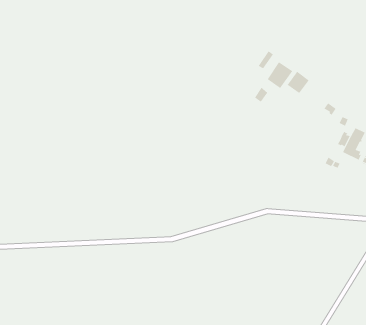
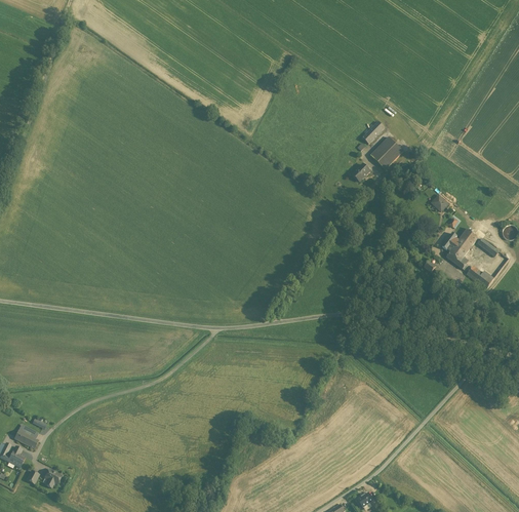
building: [287,71,310,94] -> none

